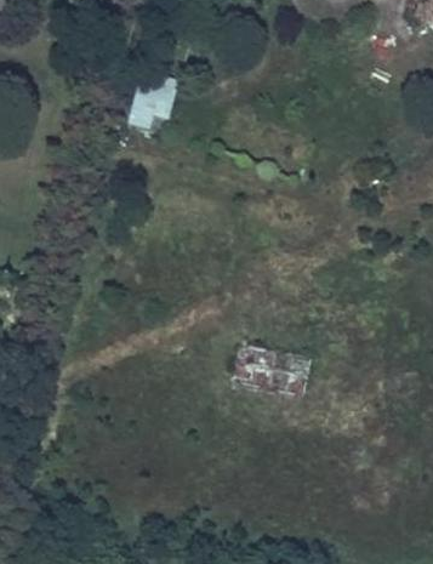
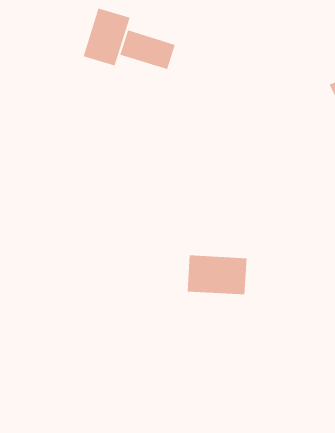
building: none -> [120,30,176,70]

